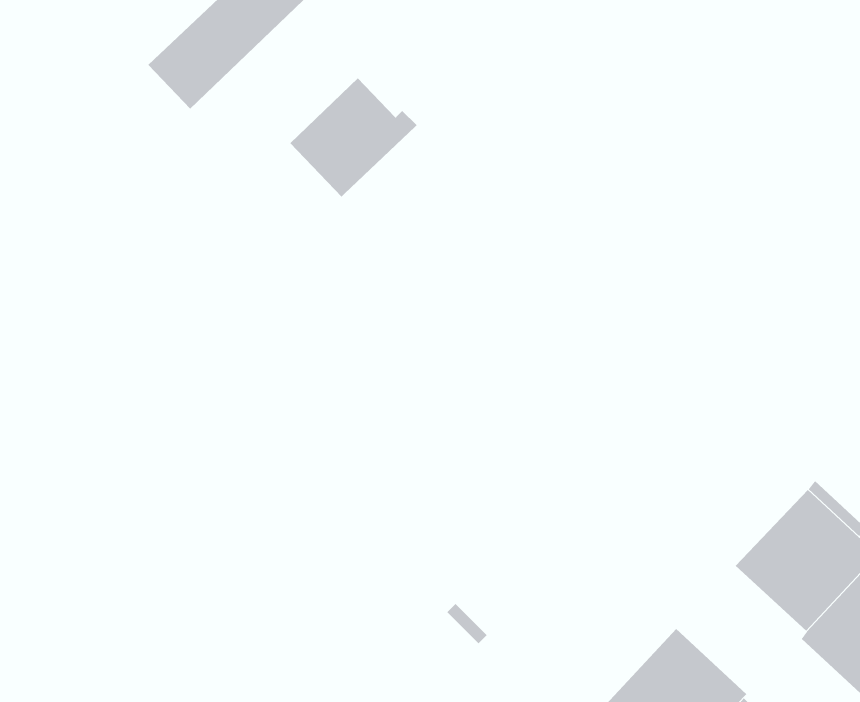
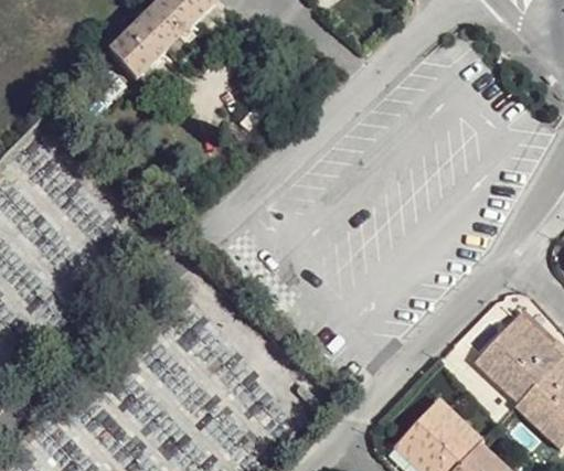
building: [290,78,418,198] -> none

